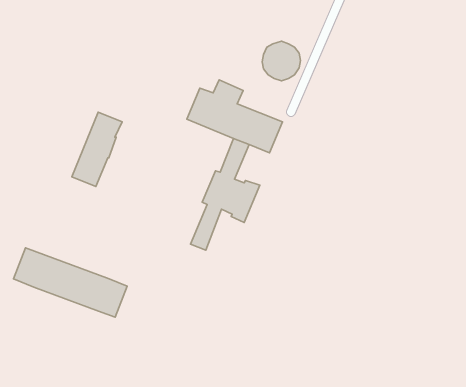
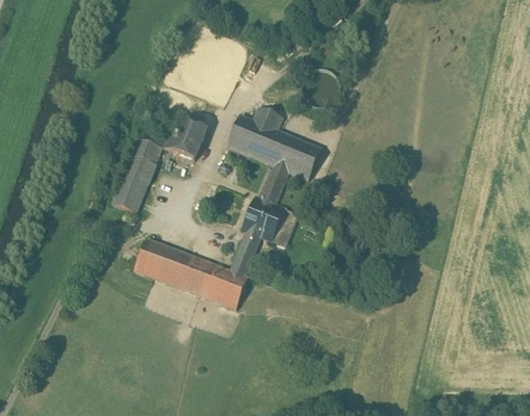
building: none -> [164,118,206,159]
building: [13,248,127,317] -> [134,238,248,307]

